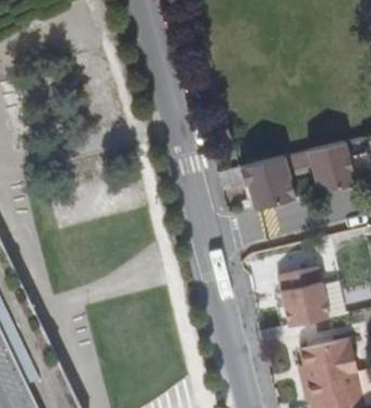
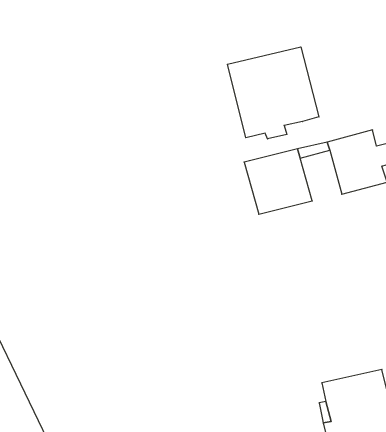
building: none -> [227,47,319,139]
building: [277,267,330,326] -> none

